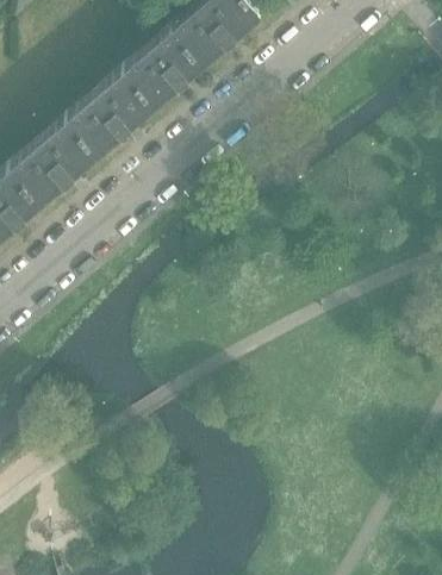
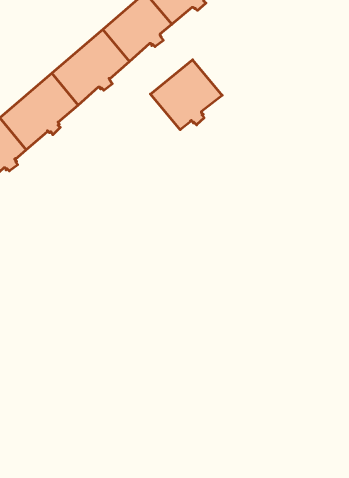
building: none -> [150,60,222,130]

